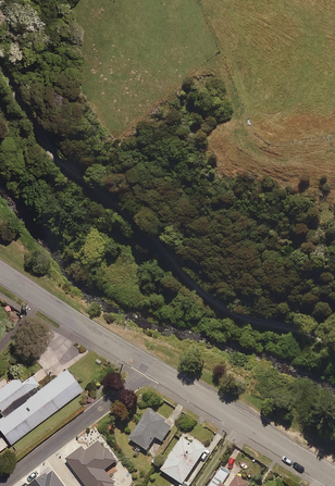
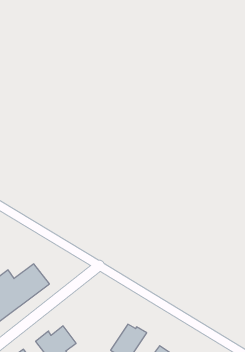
building: [131,410,174,452] -> none

